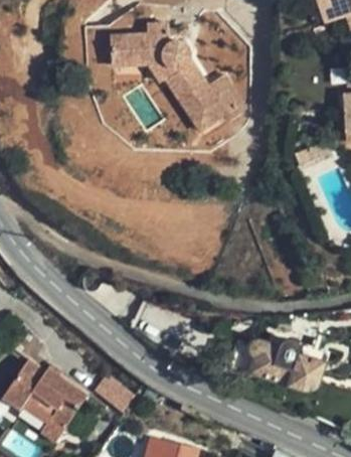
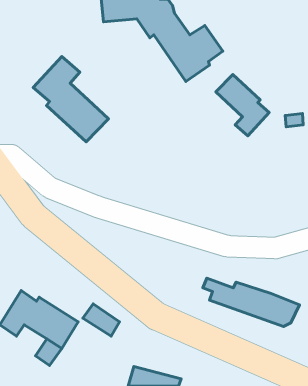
building: none -> [33,56,109,142]
building: none -> [216,74,269,136]

